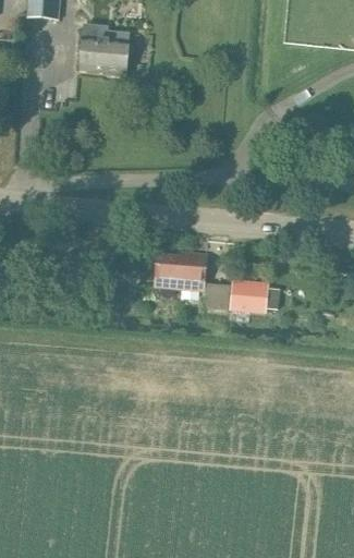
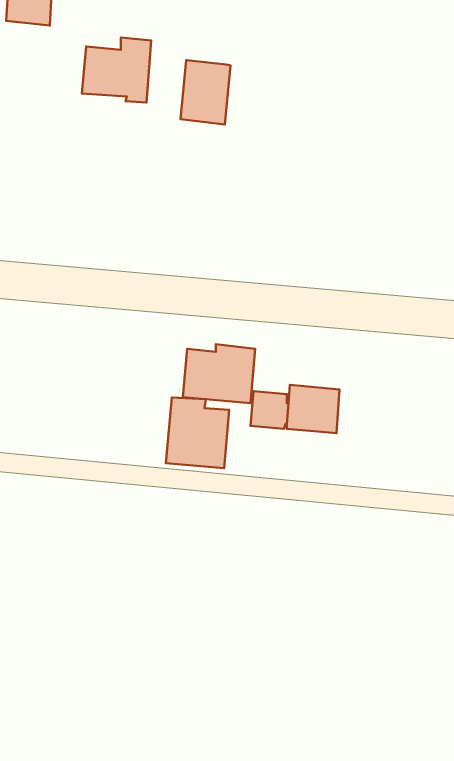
building: none -> [181,60,231,125]
building: none -> [166,397,229,468]

